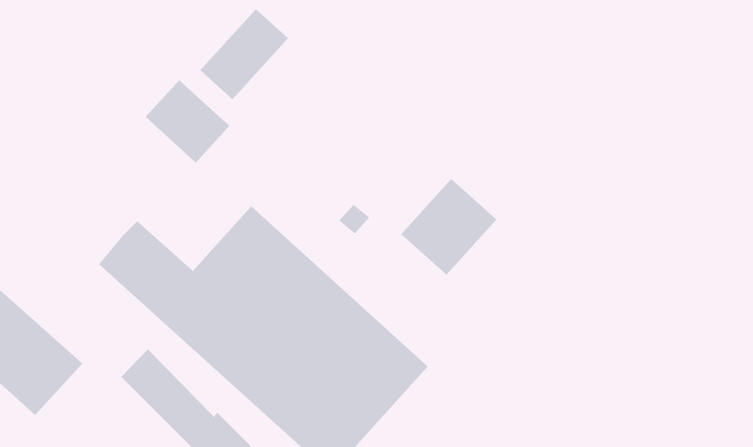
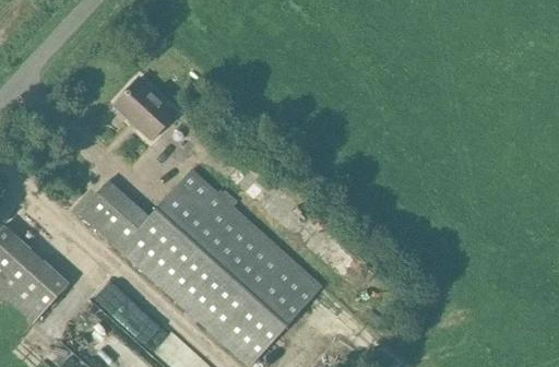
building: [199,8,289,100] -> none
building: [401,178,497,276] -> none

